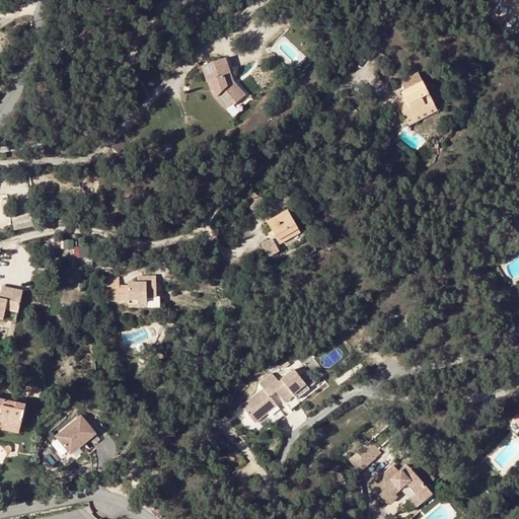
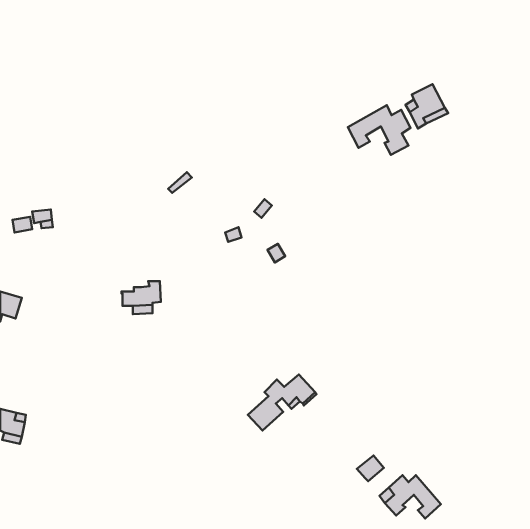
building: [201,56,245,108] -> none
building: none -> [348,105,411,155]
building: [267,210,300,244] -> none
building: [58,416,97,454] -> none

